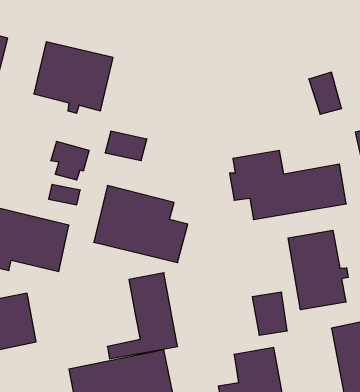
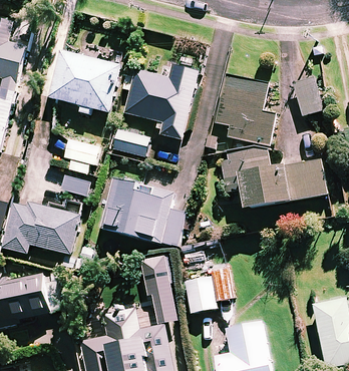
building: none -> [121,64,199,139]
building: none -> [219,76,275,144]
building: [288,230,348,310] -> none
building: [252,292,287,335] -> [185,273,216,311]

